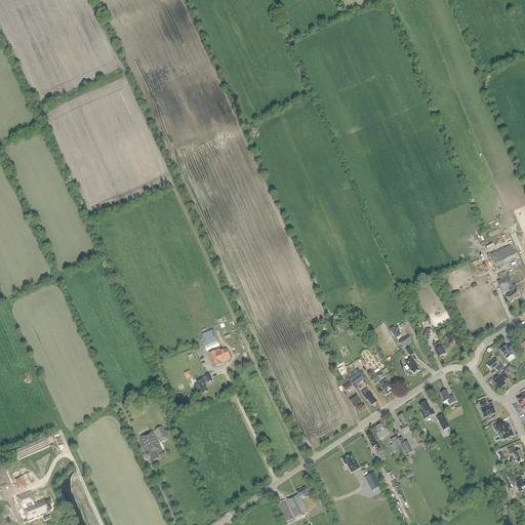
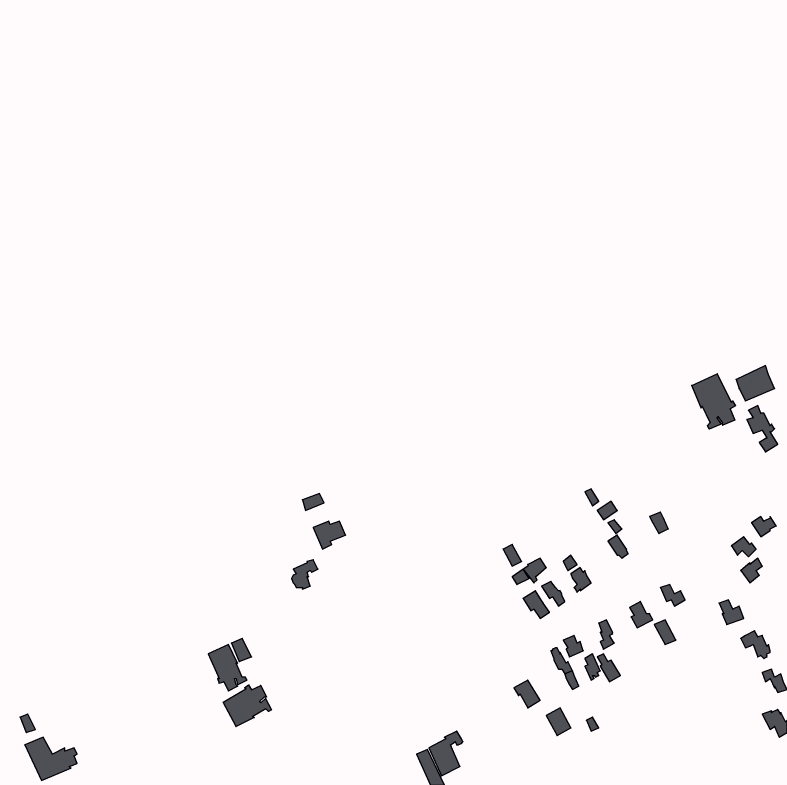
building: none -> [692,374,736,429]
building: none -> [223,685,271,727]

